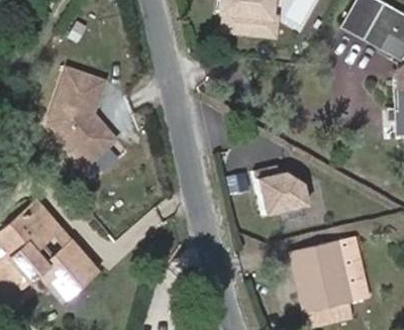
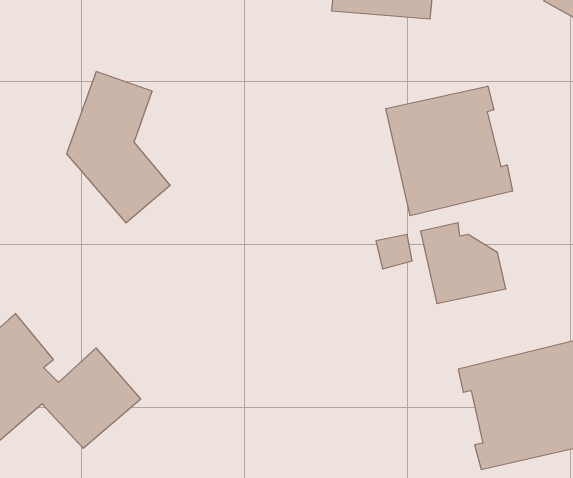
building: none -> [386,86,513,216]
building: [19,203,69,260] -> none

